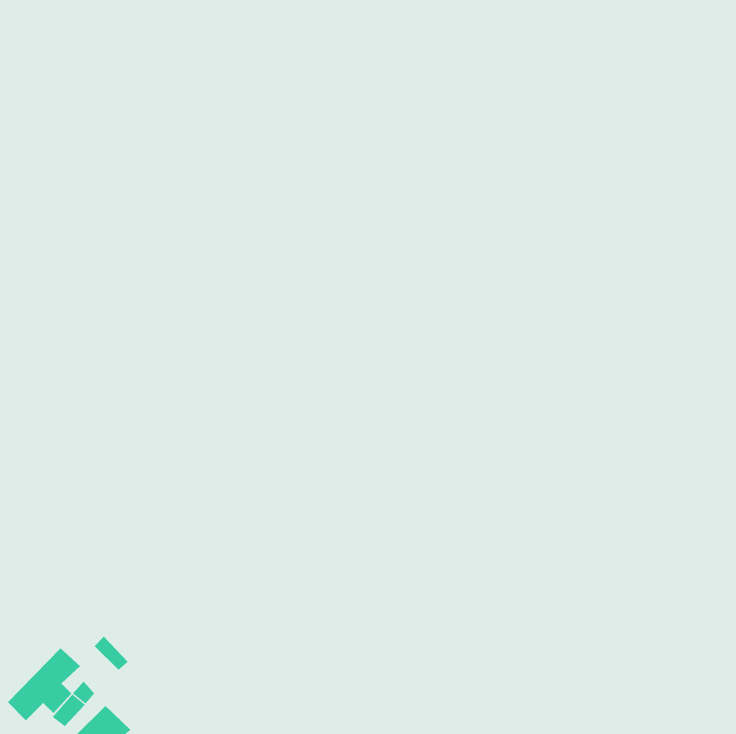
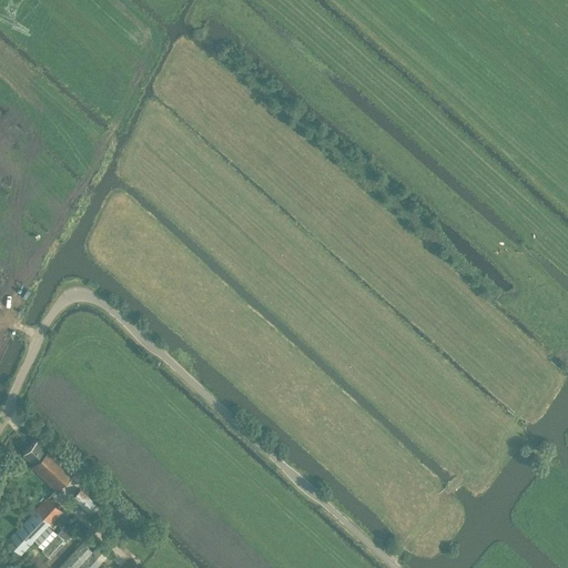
building: none -> [23,442,71,493]

